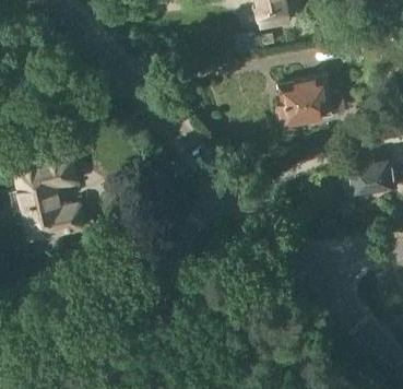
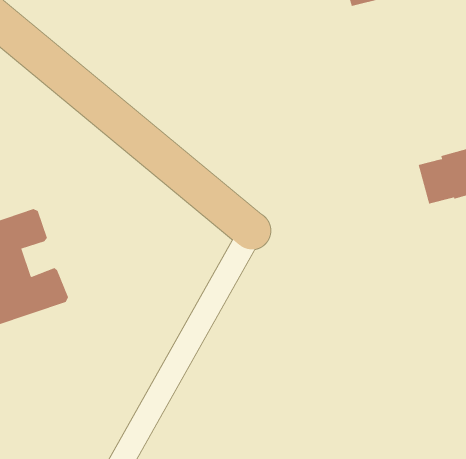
building: [275,76,331,134] -> none

